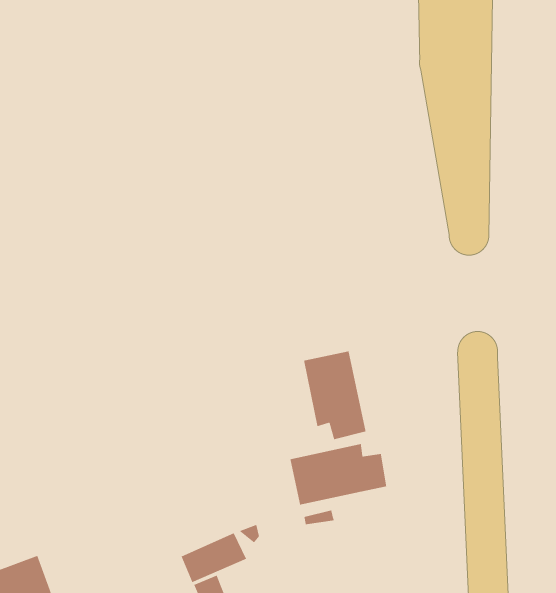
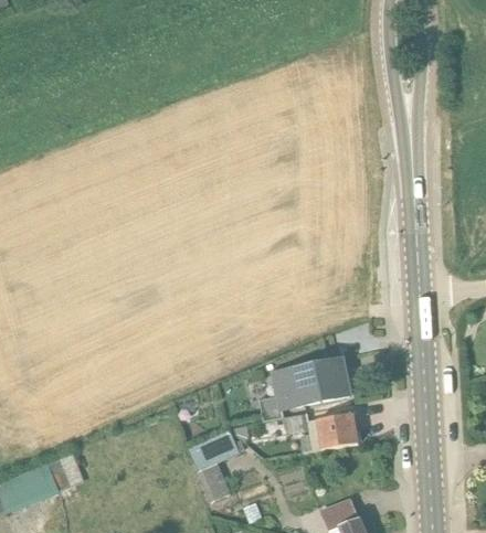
building: [303,350,366,440] -> none
building: none -> [320,413,358,448]

